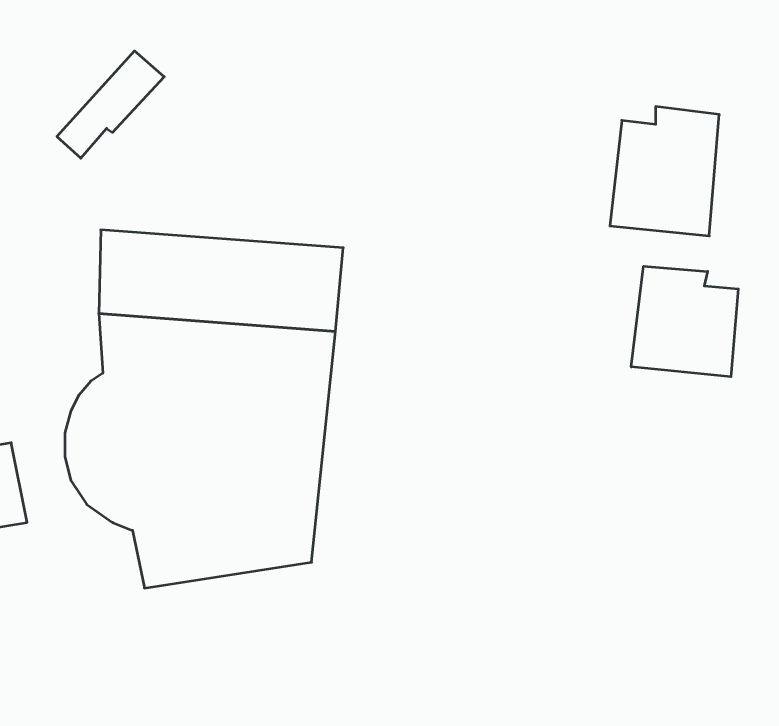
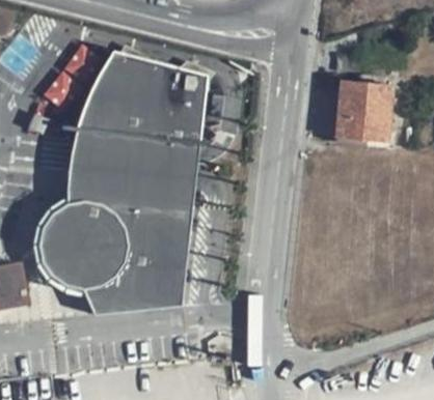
building: none -> [61,59,205,144]
building: [631,266,738,377] -> none

